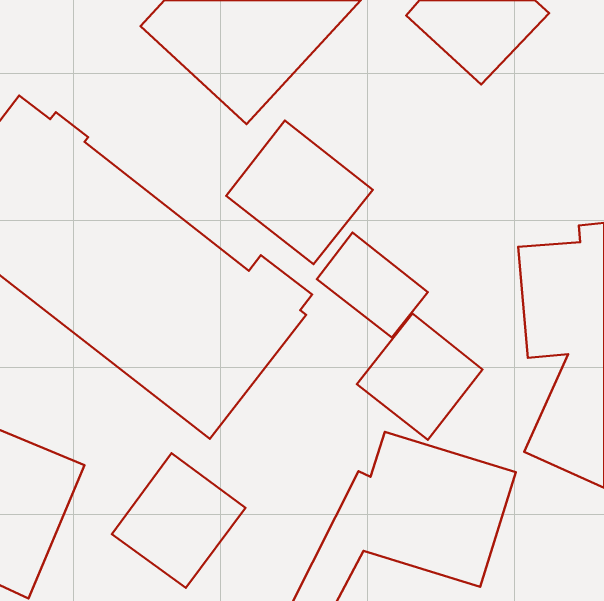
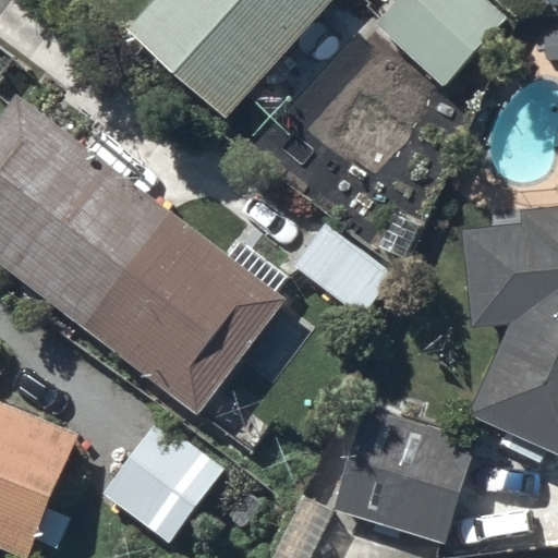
building: [226,121,373,264] -> none
building: [357,314,482,440] -> none

